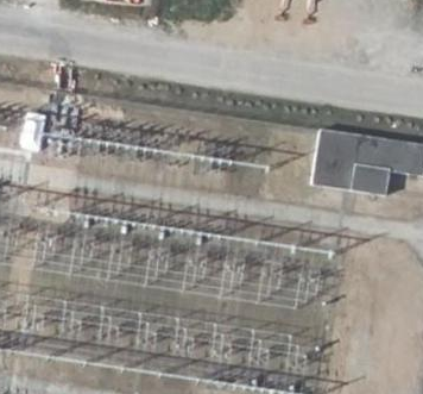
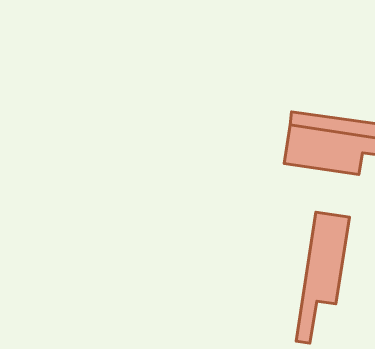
building: none -> [296,212,349,343]

